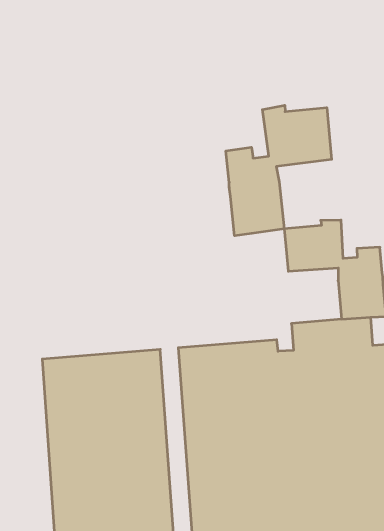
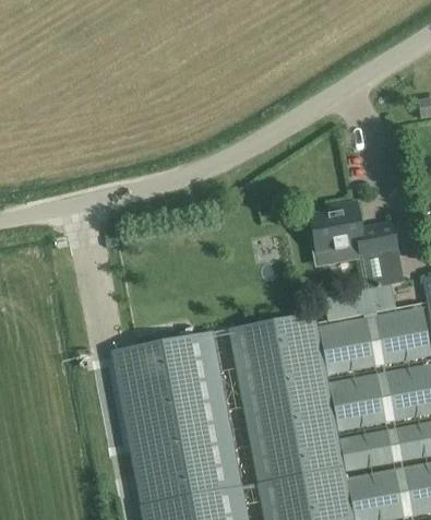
building: [226,105,332,236] -> none

